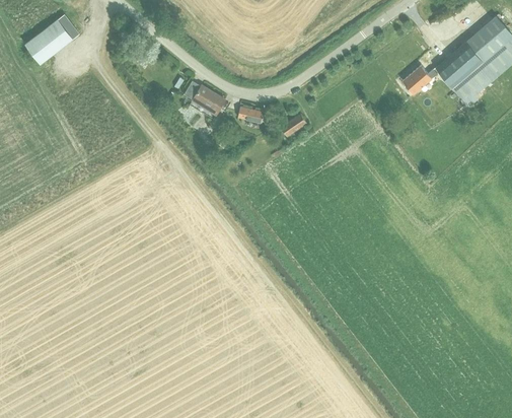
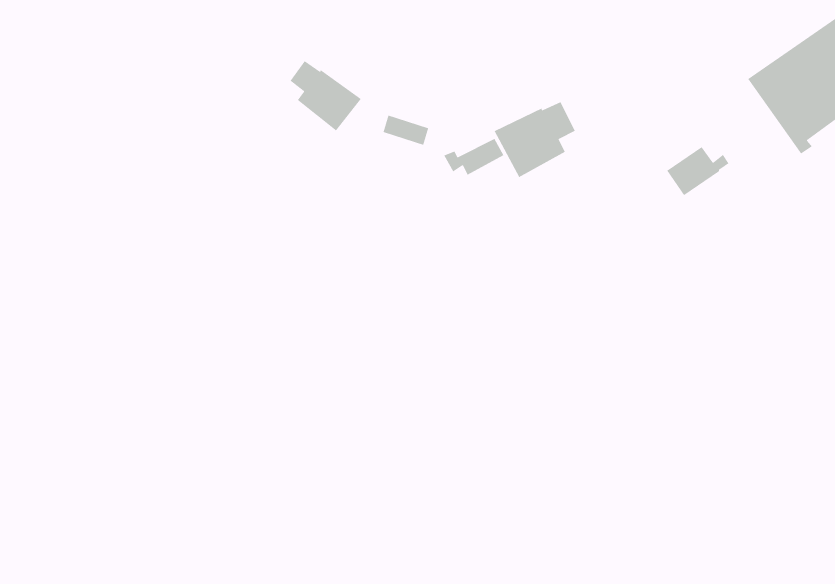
building: [403,65,437,93] -> [666,146,730,196]
building: none -> [494,101,576,178]

